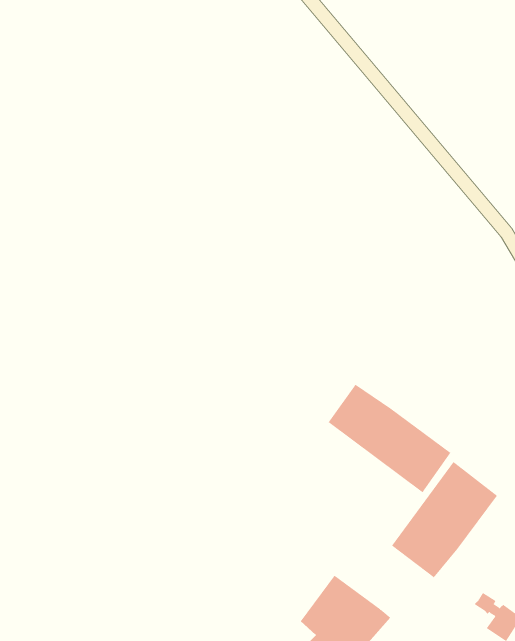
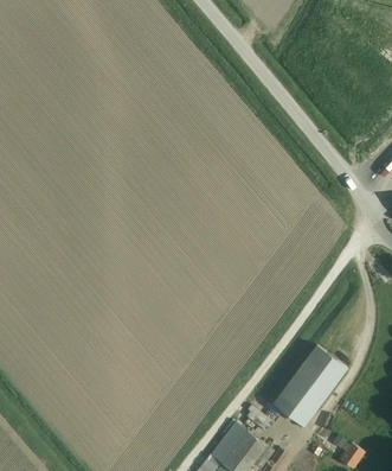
building: [328,384,451,493] -> none

